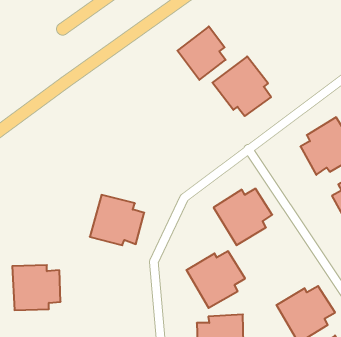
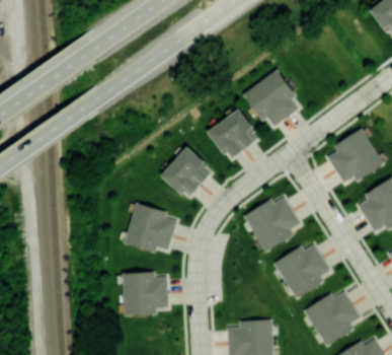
building: [177,26,226,80] -> [208,108,254,159]
building: none -> [161,146,209,198]
building: [186,251,245,308] -> [273,243,330,298]
building: [12,265,61,310] -> [122,271,168,314]

